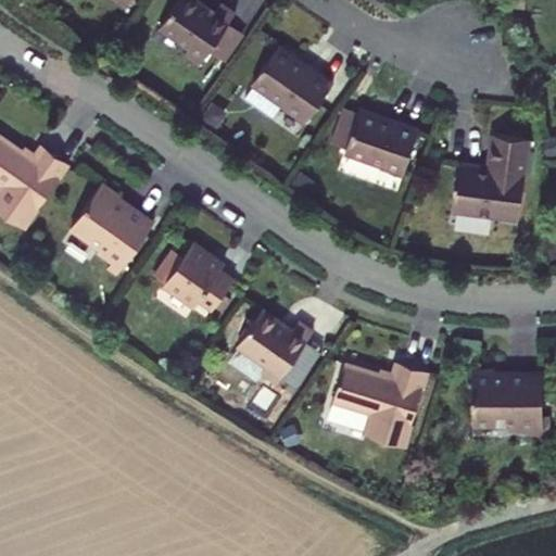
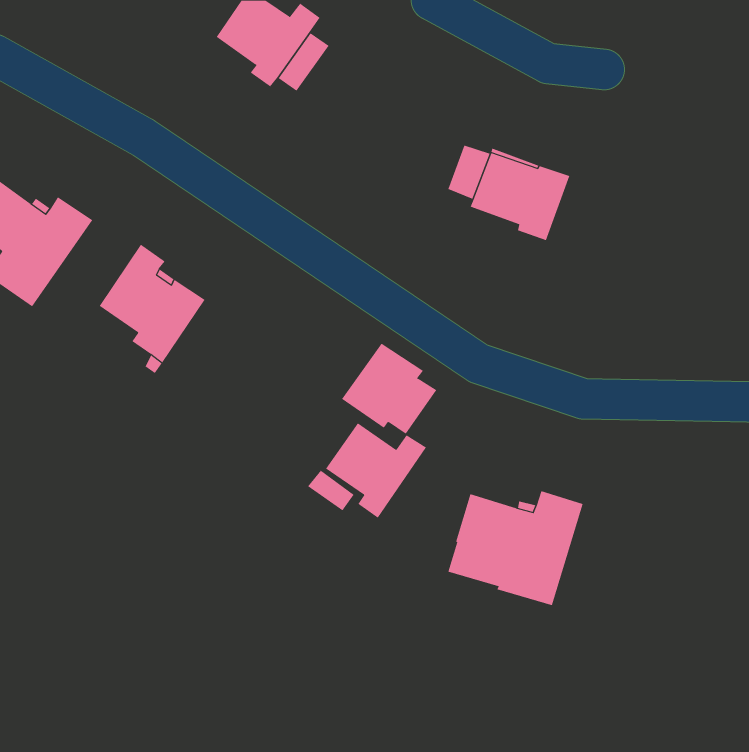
building: [253,48,332,124] -> none
building: [450,137,529,223] -> none
building: [164,244,235,312] -> [341,343,437,434]
building: [473,369,544,430] -> none

